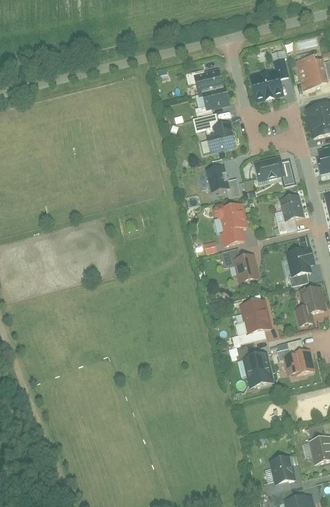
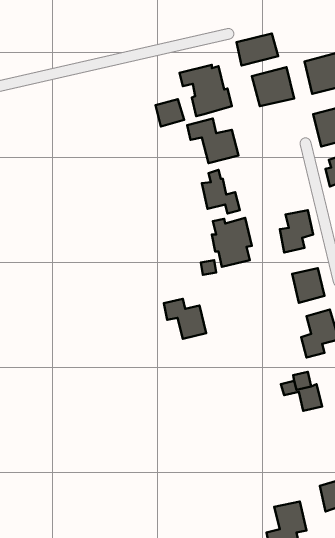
building: none -> [237,33,278,66]
building: none -> [155,99,184,126]
building: [254,154,296,184] -> none
building: [222,247,260,283] -> [164,299,206,339]
building: [239,298,272,332] -> none
building: [242,350,274,388] -> none

